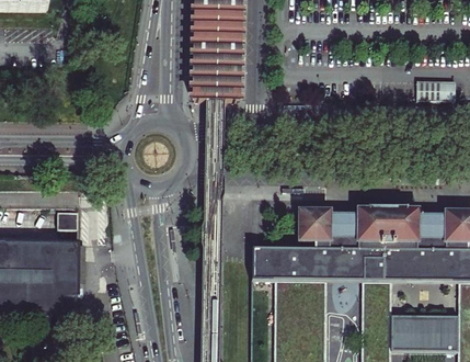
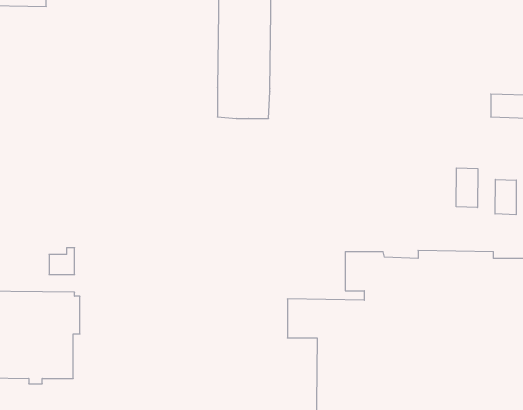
building: none -> [456,168,478,208]
building: none -> [495,179,516,215]

